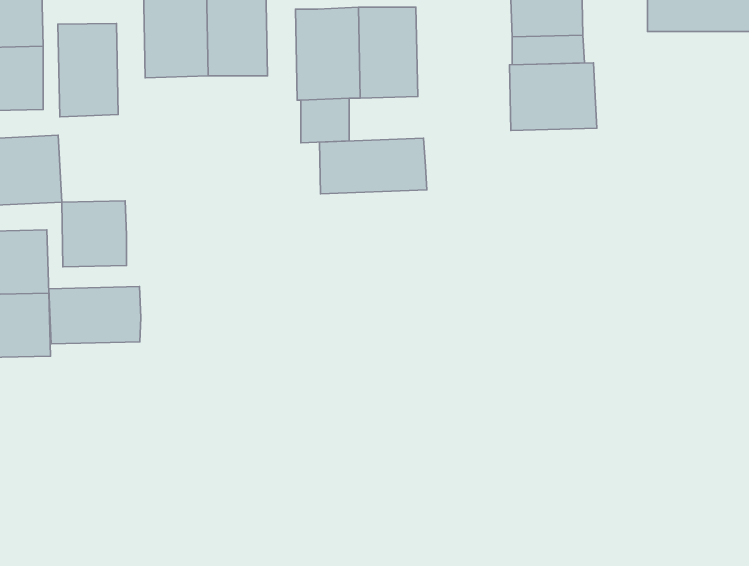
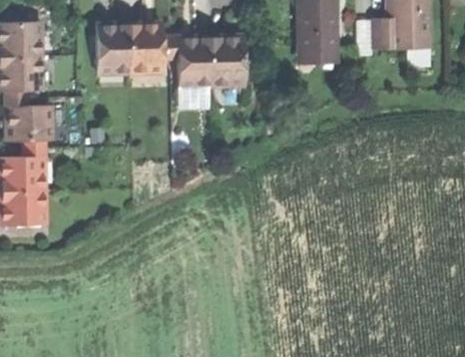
building: [58,24,118,117] -> none
building: [509,63,597,131] -> none
building: [319,138,427,194] -> none
building: [62,201,127,267] -> none
building: [49,287,141,344] -> none

